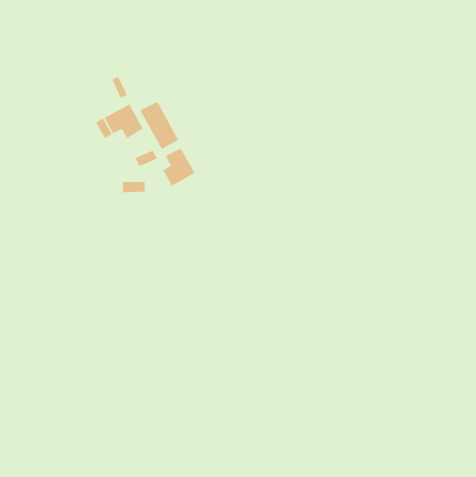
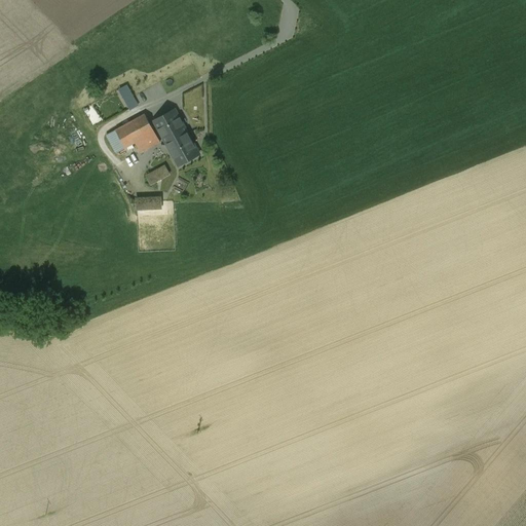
building: [162,147,195,187] -> none

